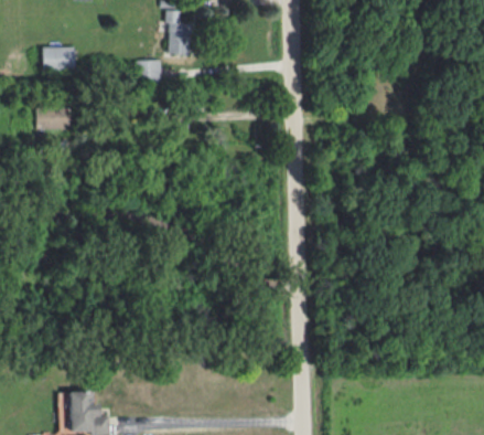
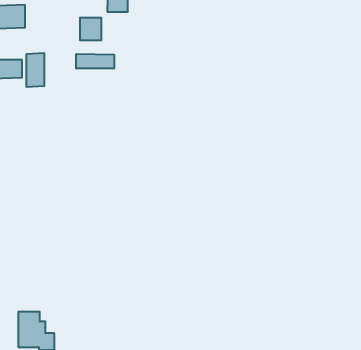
building: none -> [27,53,44,87]
building: none -> [76,54,114,69]

